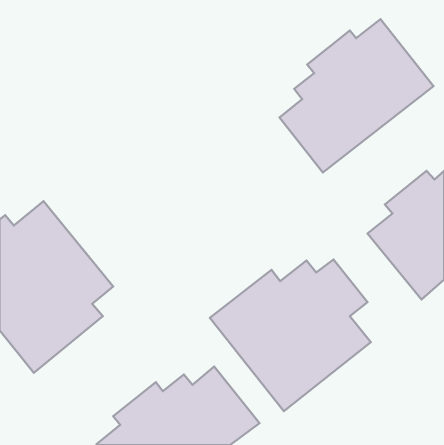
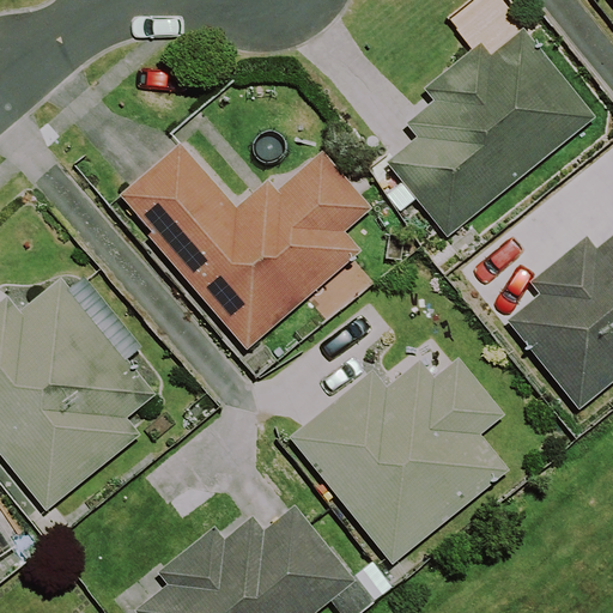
building: none -> [119,142,372,353]

